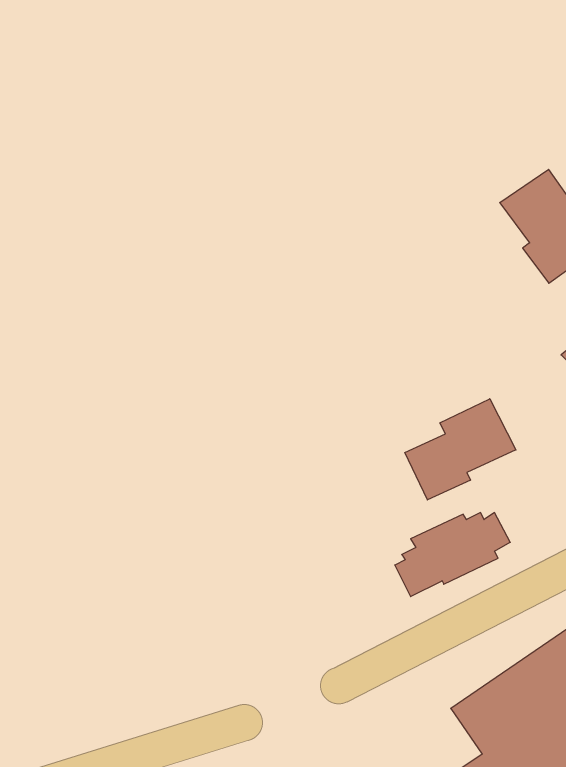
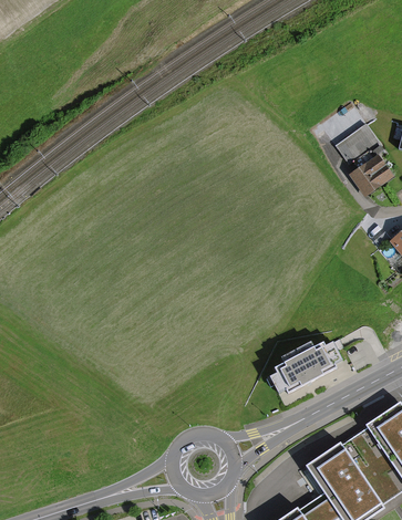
building: [405,399,516,500] -> none

